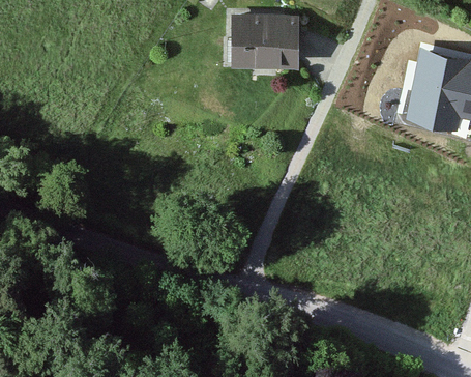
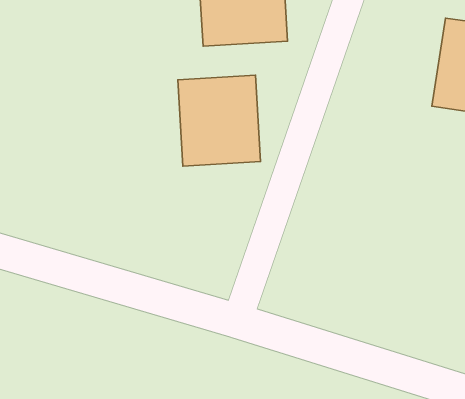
building: none -> [178,75,261,166]

